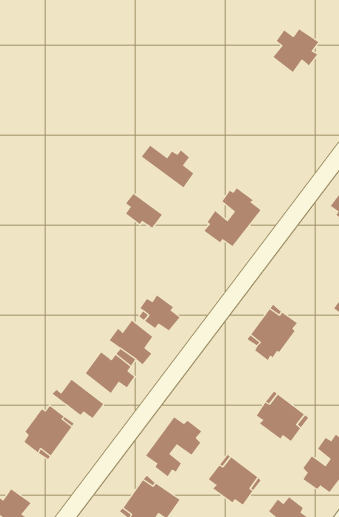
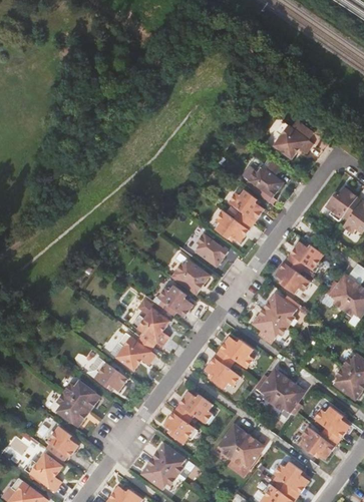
building: [273,28,319,73] -> [274,119,315,158]
building: [141,145,194,188] -> [236,159,283,197]
building: [125,193,163,228] -> [196,232,229,264]
building: none -> [275,240,325,294]
building: none -> [174,259,209,294]
building: none -> [206,335,254,389]
building: none -> [44,427,77,459]

